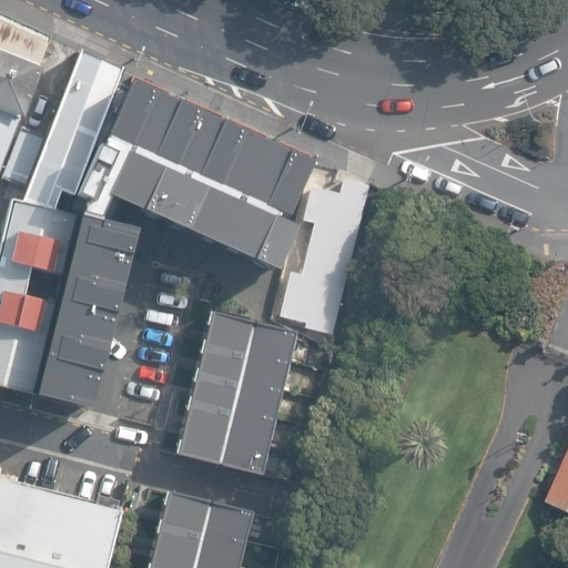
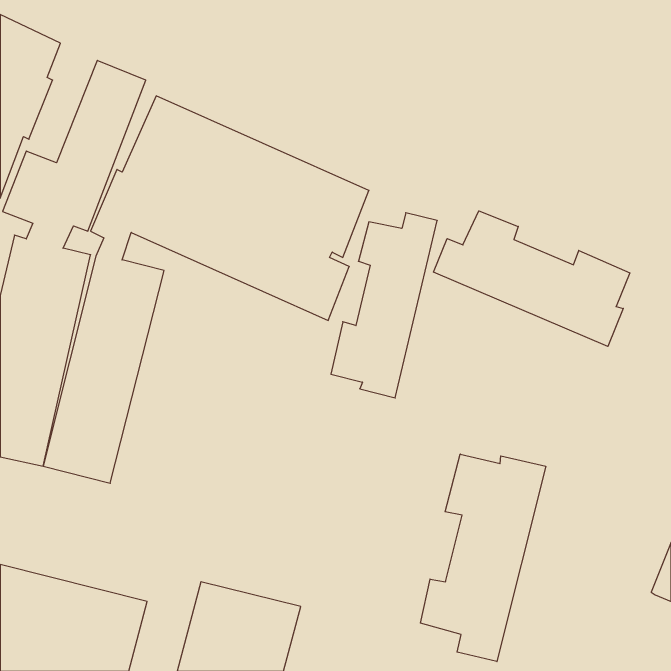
building: none -> [433,211,630,346]
building: [178,312,297,476] -> none
building: none -> [420,454,546,662]

